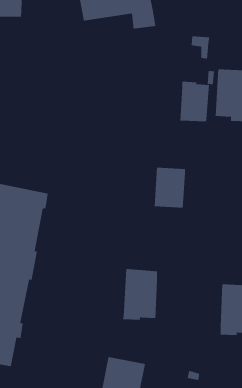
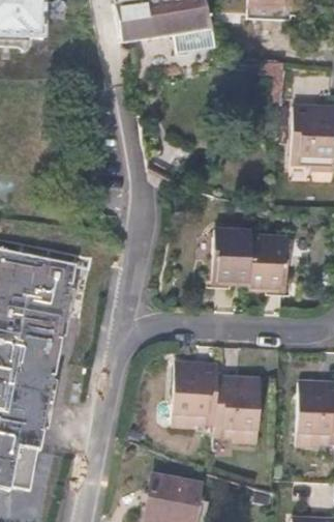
building: [180,81,209,122] -> none
building: none -> [250,237,290,289]
building: none -> [215,375,262,442]

